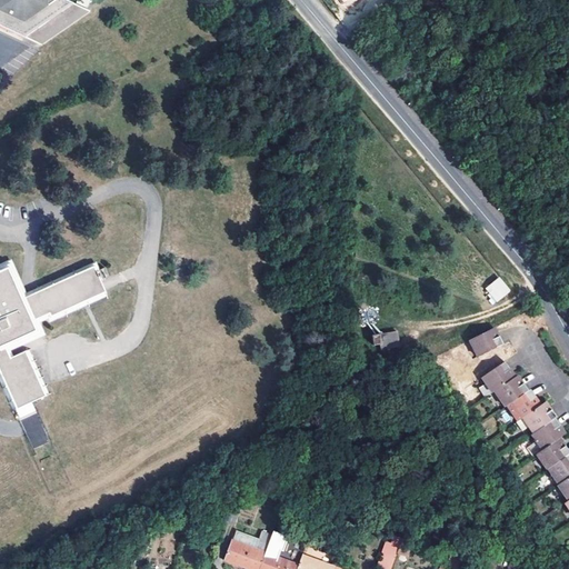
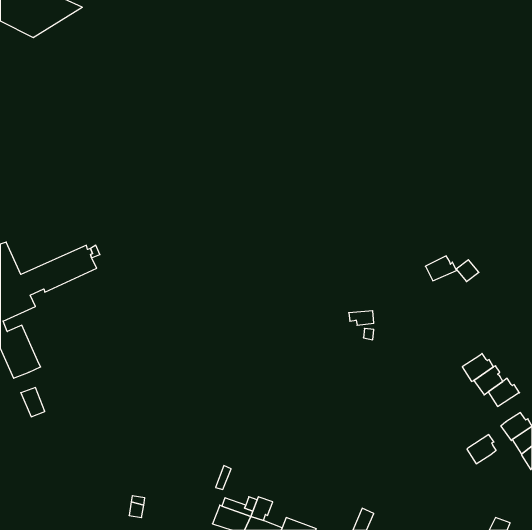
building: [469,330,502,357] -> [425,256,457,281]
building: [481,361,512,393] -> none
building: [530,420,561,451] -> [467,435,496,464]

